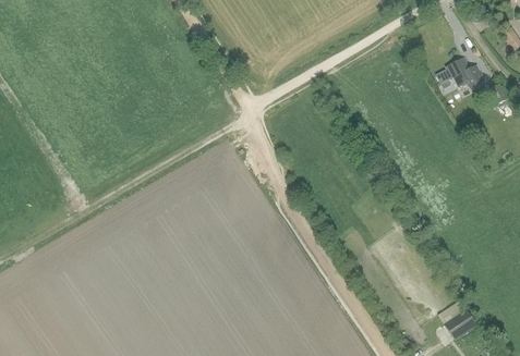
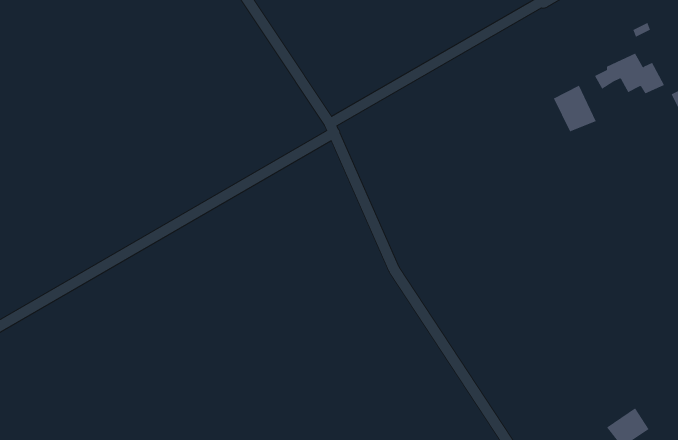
building: none -> [553,85,596,132]

